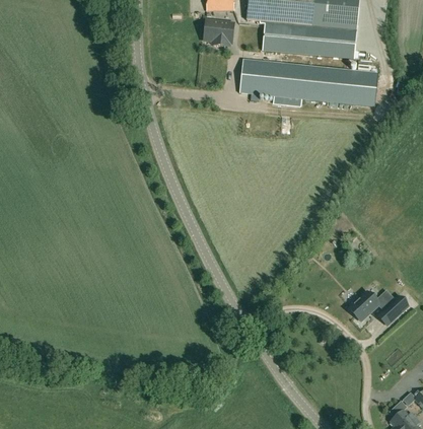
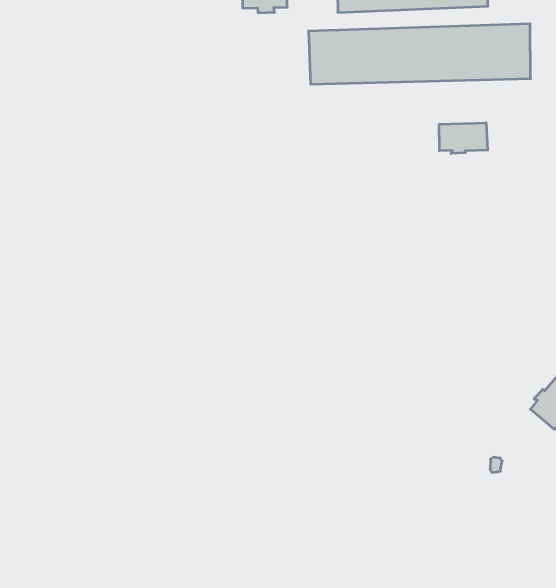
building: none -> [439,123,488,154]

